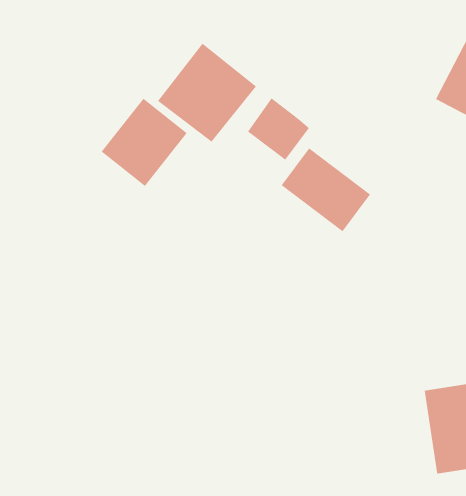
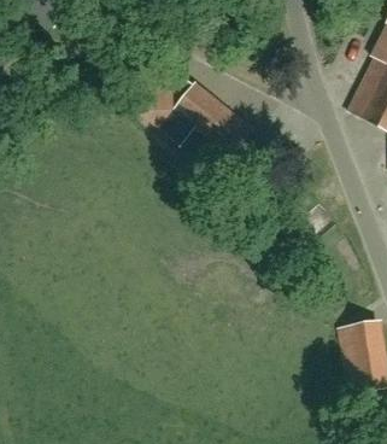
building: [101,98,187,187] -> none
building: [281,148,371,232] -> none

